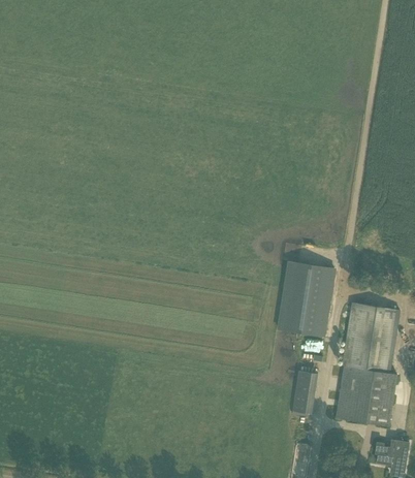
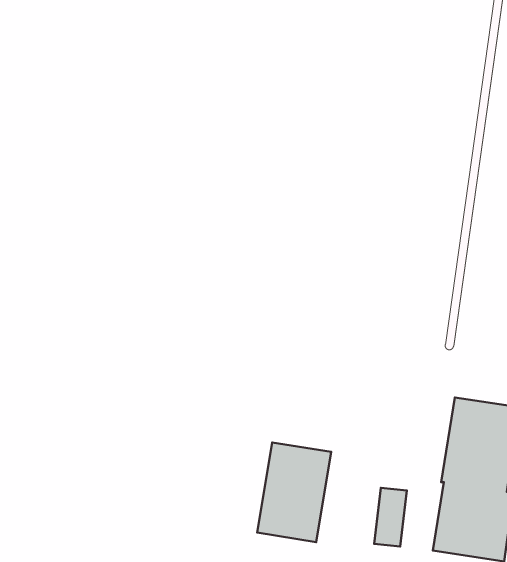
building: [278,261,333,337] -> [257,442,331,542]

